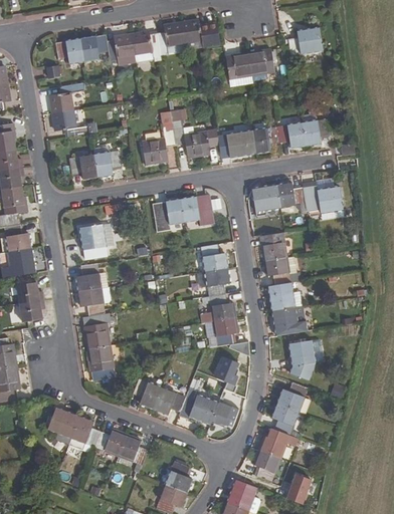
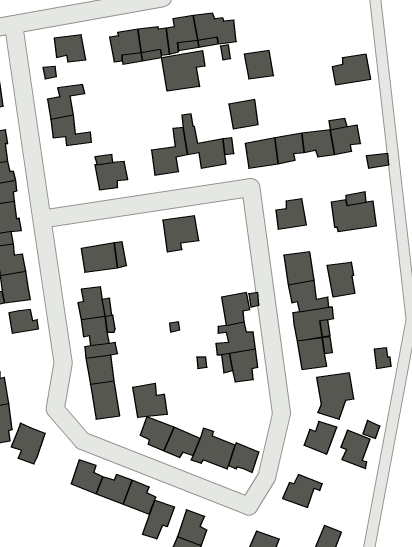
building: [287,28,322,55] -> [332,54,371,85]
building: [80,35,108,61] -> none
building: [247,49,273,75] -> [229,100,258,129]
building: none -> [162,51,205,91]
building: [68,155,96,179] -> none
building: [276,183,306,213] -> none
building: [181,195,214,226] -> none
building: none -> [327,262,355,297]
building: [202,244,227,272] -> none
building: [19,300,43,322] -> none
building: none -> [133,383,167,418]
building: [216,359,238,395] -> none
building: [272,404,299,438] -> [341,430,370,469]
building: [48,408,78,444] -> [11,423,45,464]
building: [254,451,281,482] -> none
building: none -> [143,500,174,539]

